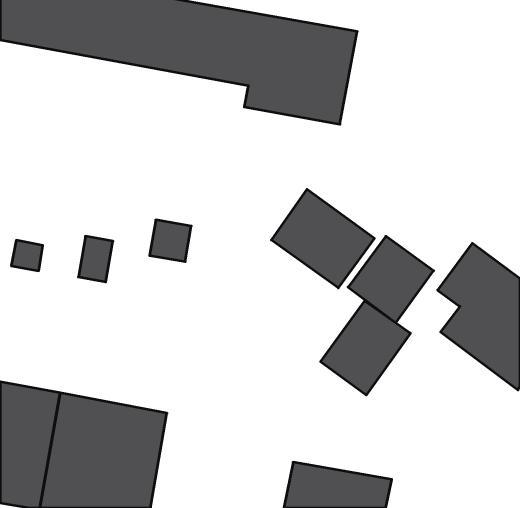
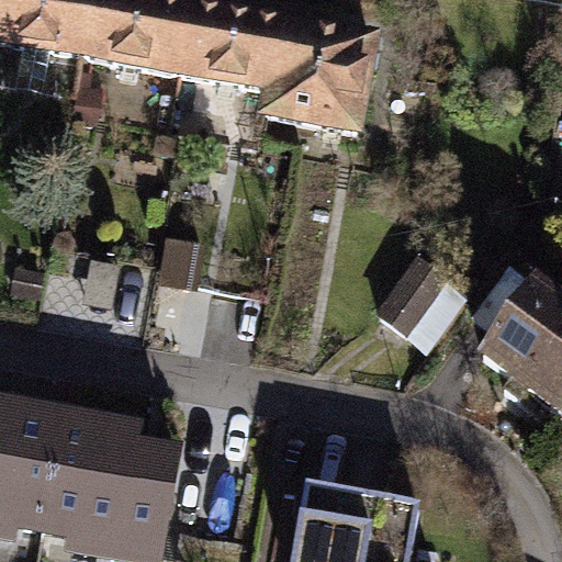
building: [271,189,374,288] -> none
building: [321,301,410,395] -> none

